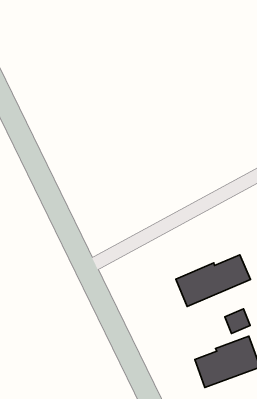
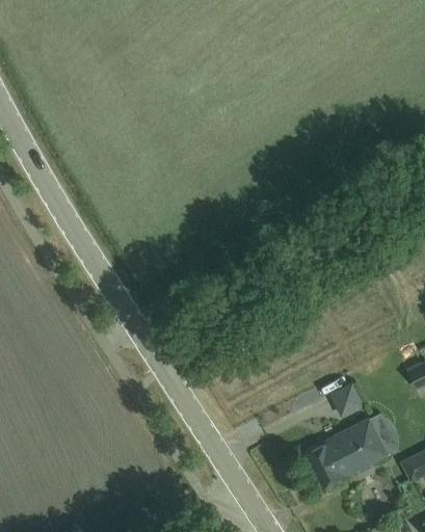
building: [176,255,250,307] -> none

